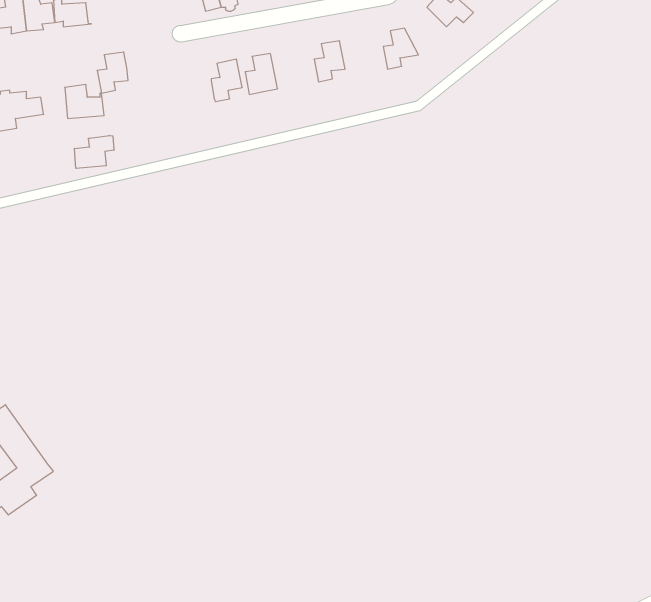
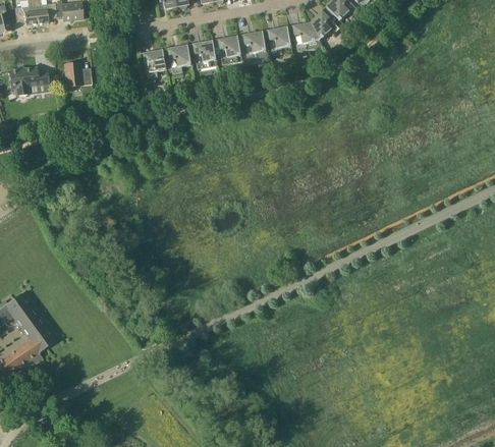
building: none -> [309,13,340,40]
building: none -> [269,24,291,55]
building: none -> [219,34,242,63]
building: [97,52,128,93] -> [144,48,166,77]
building: [74,135,114,168] -> none

